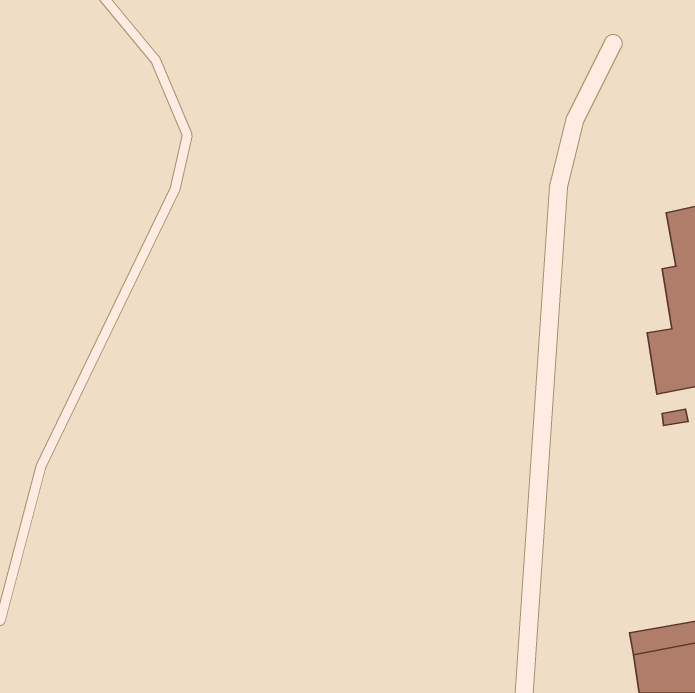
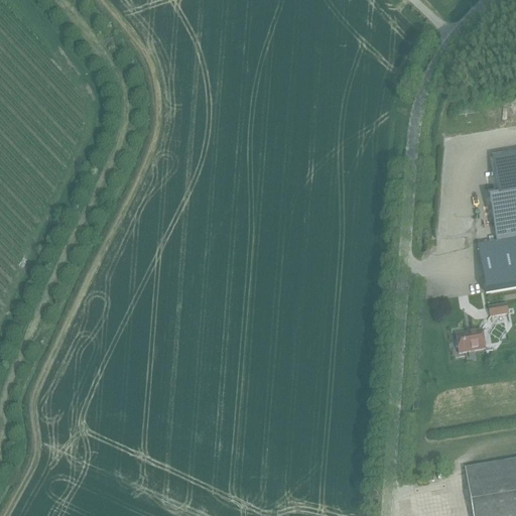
building: none -> [458,328,487,352]

